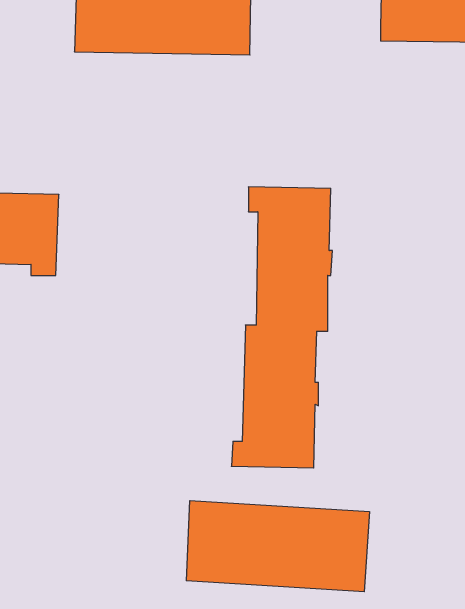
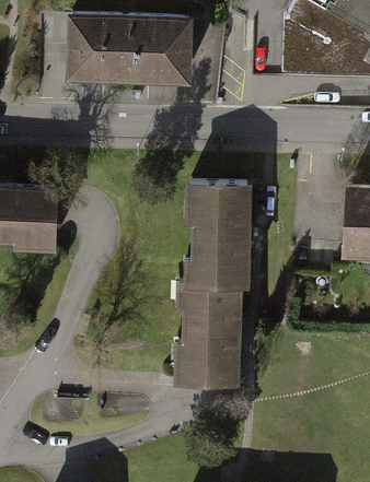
building: [186,501,369,592] -> none

